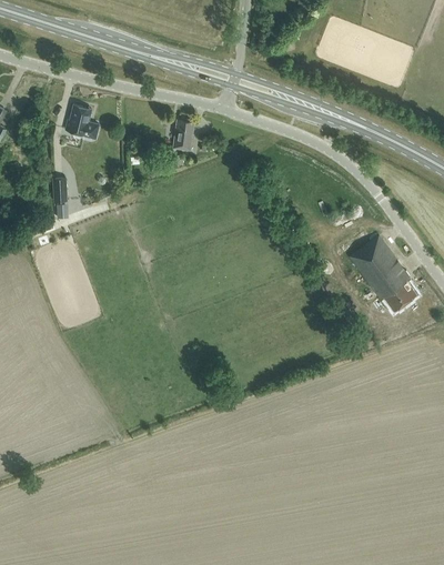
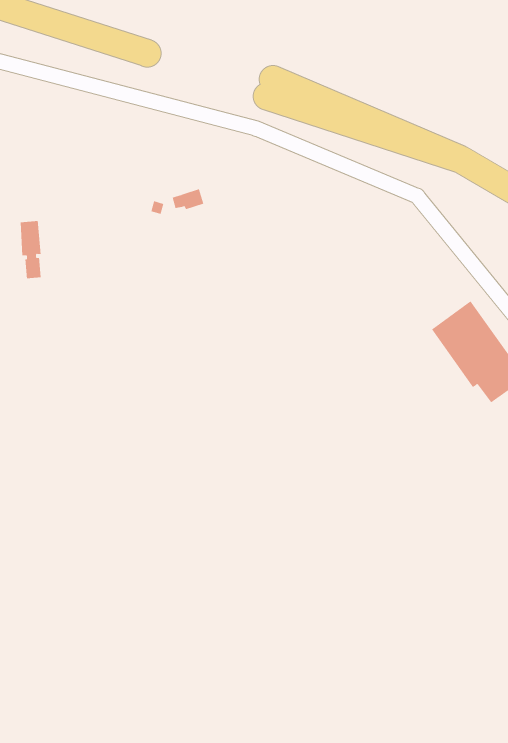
building: [65,104,99,141] -> none
building: [172,120,194,151] -> none

